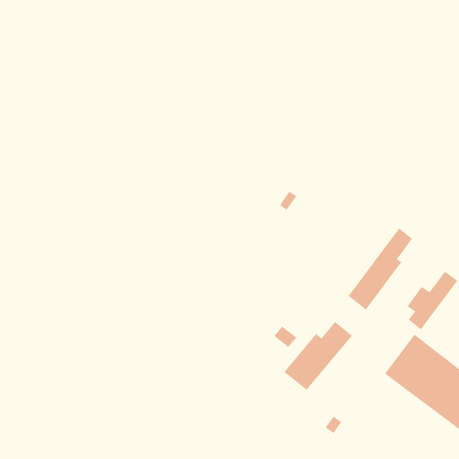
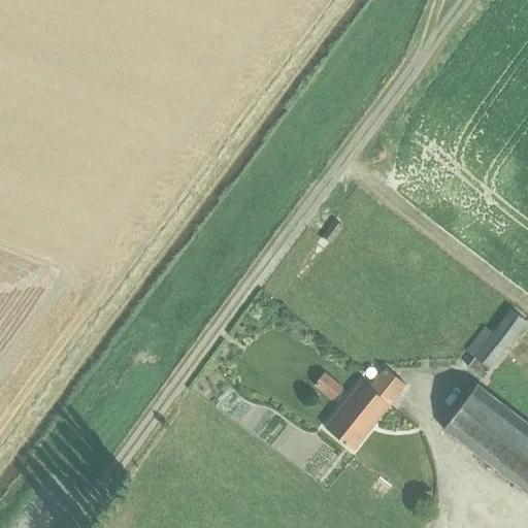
building: [348,227,413,310] -> none

